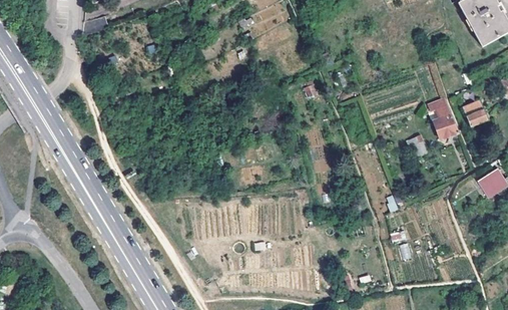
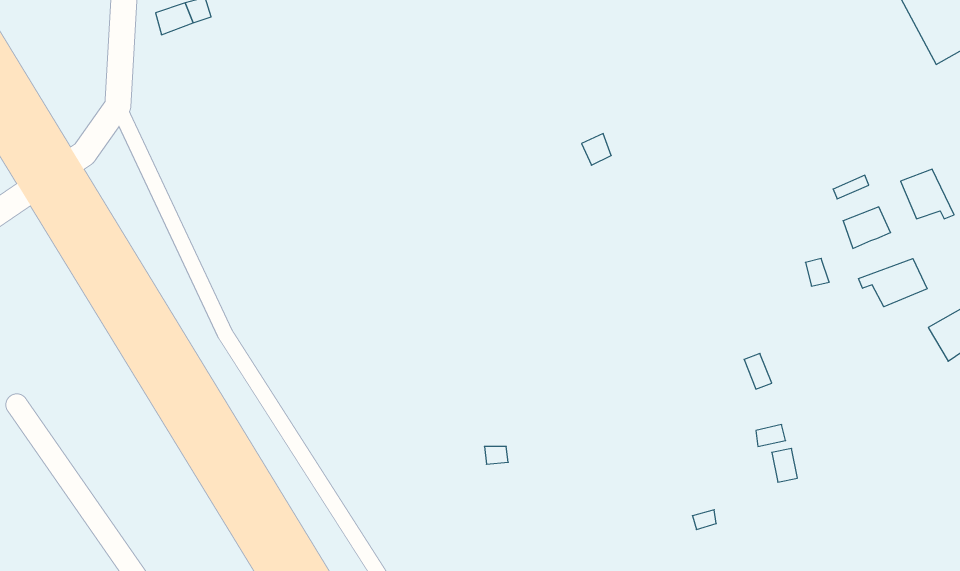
building: none -> [858,259,927,307]

